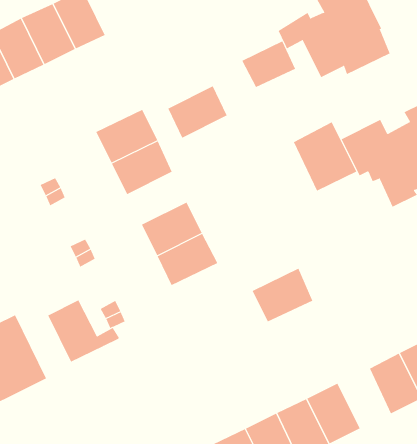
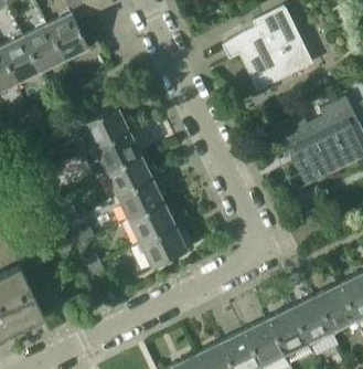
building: [242,41,296,88] -> none
building: [168,86,228,138] -> [106,156,152,197]
building: [293,122,357,191] -> none
building: [252,268,313,322] -> [140,226,188,268]
building: [48,299,120,363] -> none
building: none -> [269,308,310,355]

